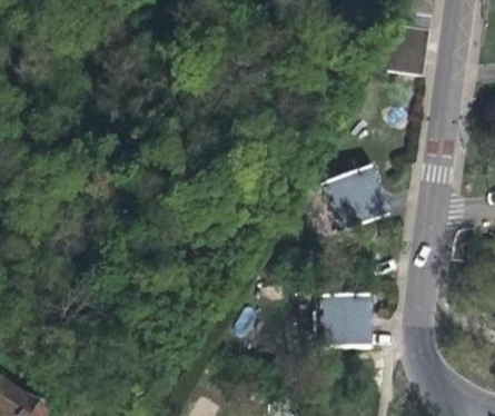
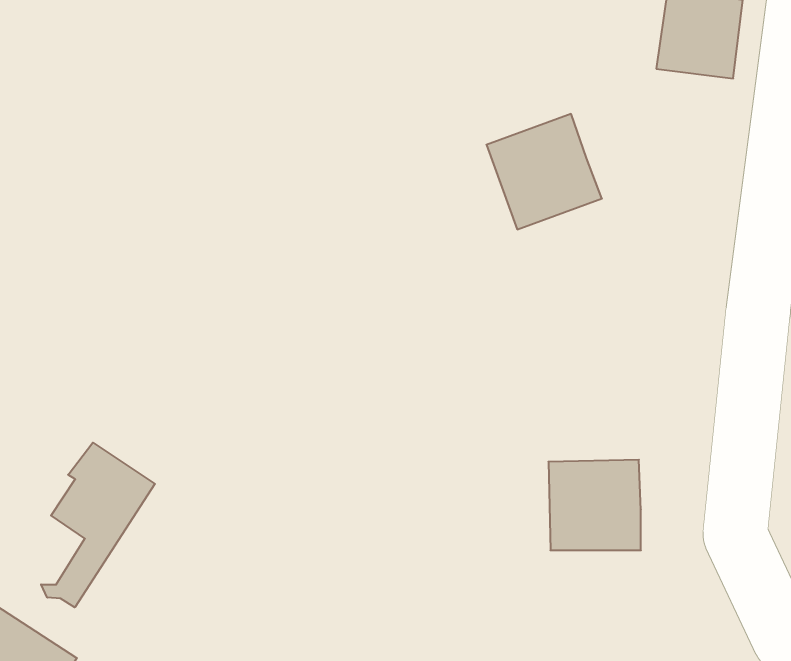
building: [324,165,390,231] -> [486,114,602,229]
building: none -> [41,443,155,607]

